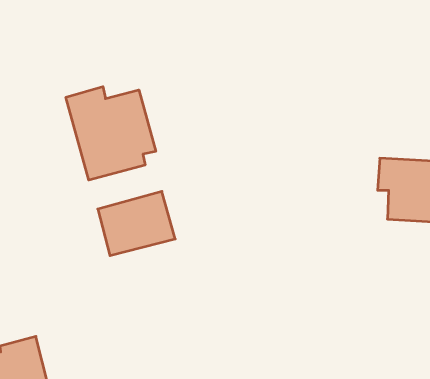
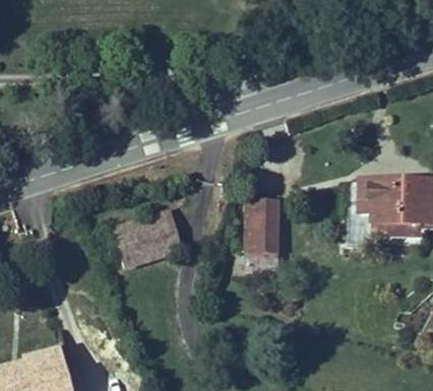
building: [66,87,156,180] -> none
building: none -> [246,198,277,269]

